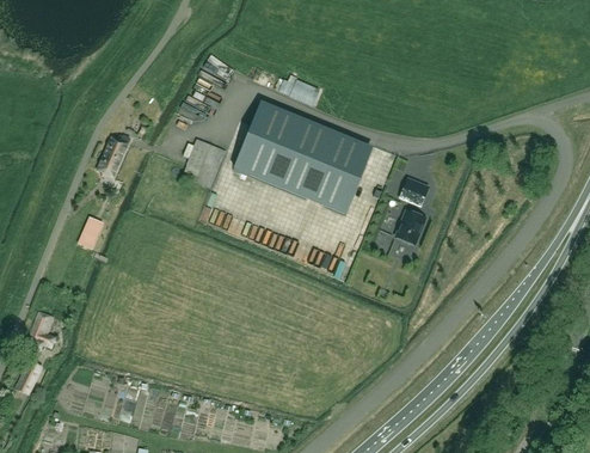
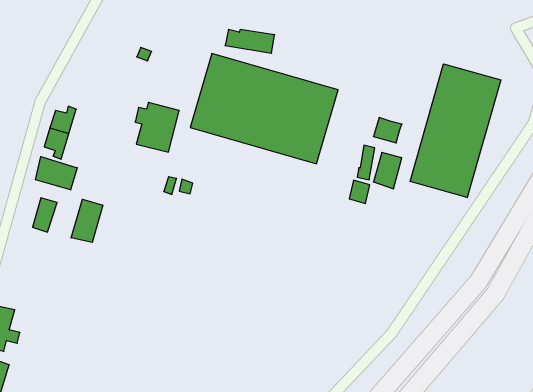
building: none -> [410,64,501,198]
building: none -> [35,157,77,190]
building: none -> [71,199,103,242]

